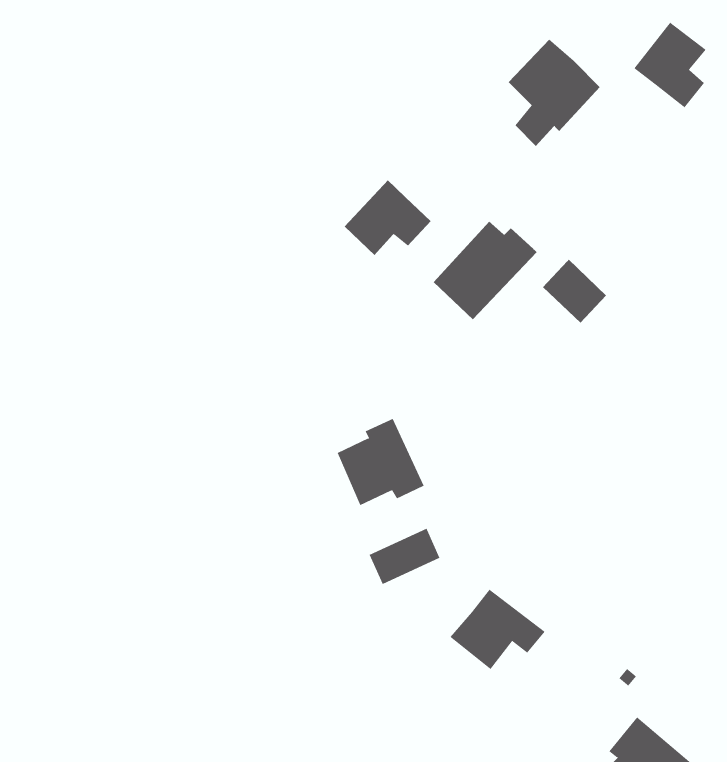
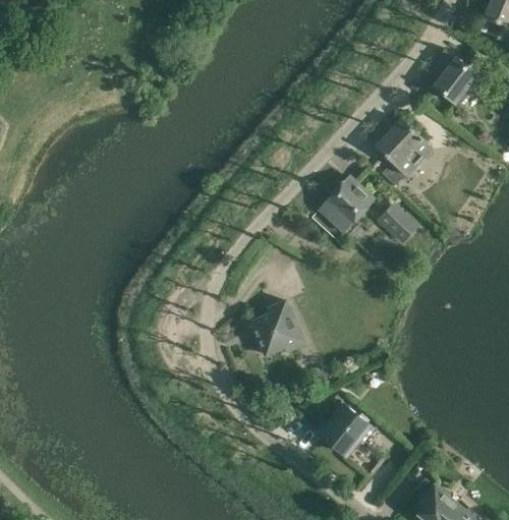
building: [508,39,601,147] -> [376,119,433,185]
building: [344,180,431,256] -> none
building: [369,528,440,585] -> none

